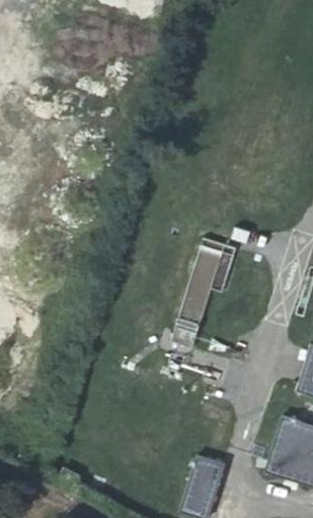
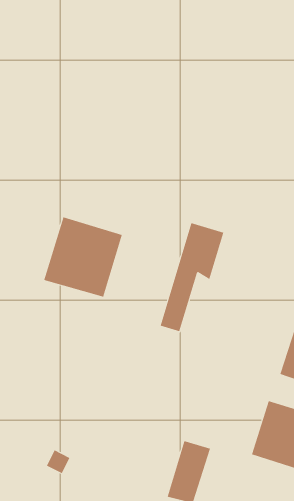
building: none -> [44,216,123,297]

